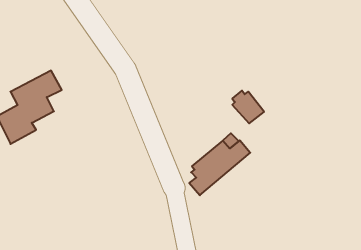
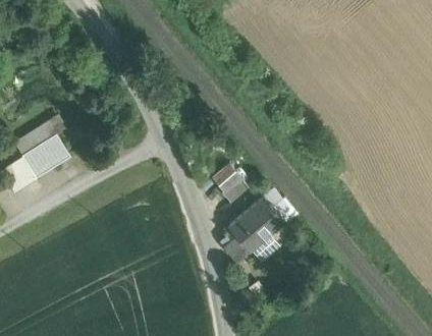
building: [232,91,264,123] -> [209,161,246,199]

